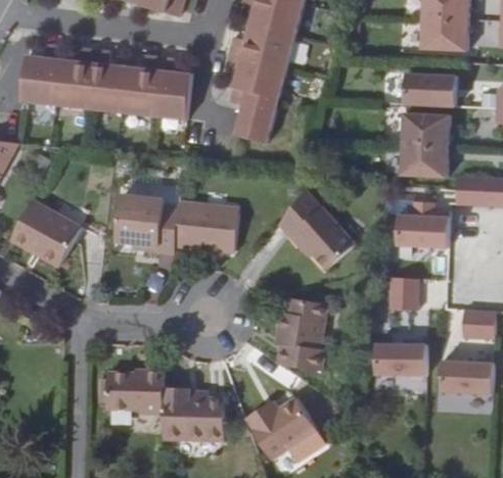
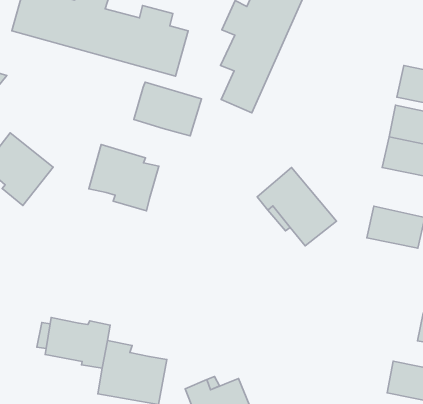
building: [179,203,241,248] -> [134,82,202,136]
building: [387,277,417,309] -> none
building: [282,296,333,367] -> none
building: [373,343,425,377] -> none

